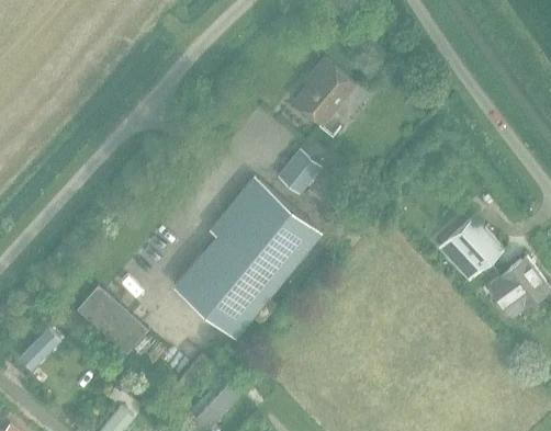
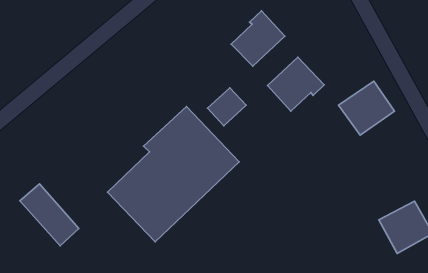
building: none -> [267,57,324,111]
building: [439,216,503,279] -> [339,81,394,135]

